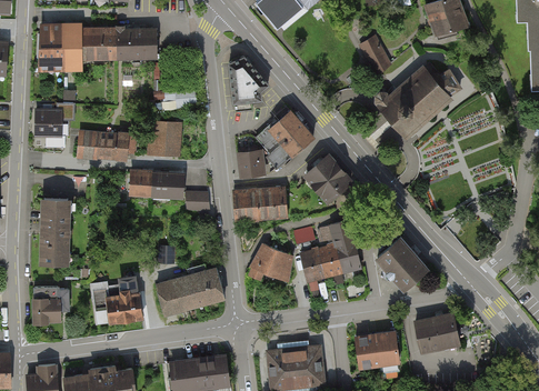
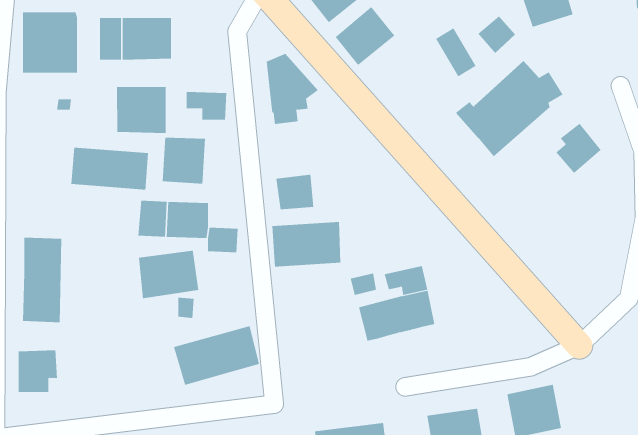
building: none -> [335,6,395,66]
building: none -> [478,15,516,54]
building: [81,28,98,61] -> none
building: none -> [117,86,166,134]
building: [33,107,61,139] -> none
building: none -> [555,123,602,174]
building: [257,111,315,168] -> none
building: [305,153,350,200] -> none
building: [377,237,427,288] -> none
building: [246,243,292,283] -> none
building: [93,285,141,323] -> [138,250,199,299]

